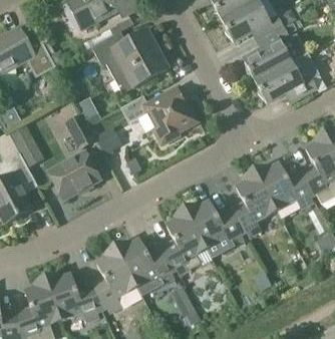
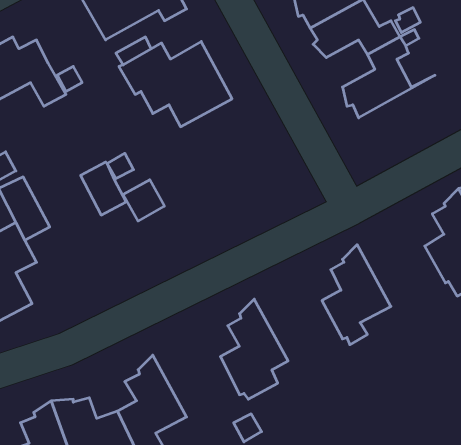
building: [255,52,318,101] -> none
building: [121,89,194,143] -> none
building: [48,150,100,199] -> none
building: [254,161,314,210] -> none
building: [184,200,244,256] -> none
building: [114,237,174,293] -> none

